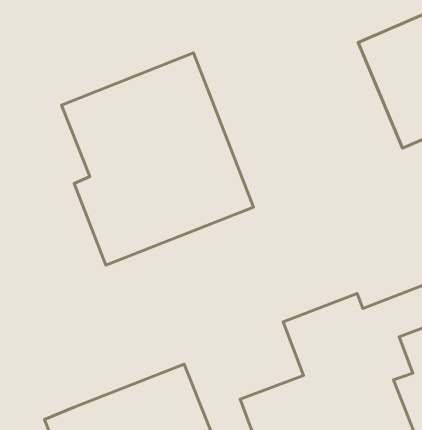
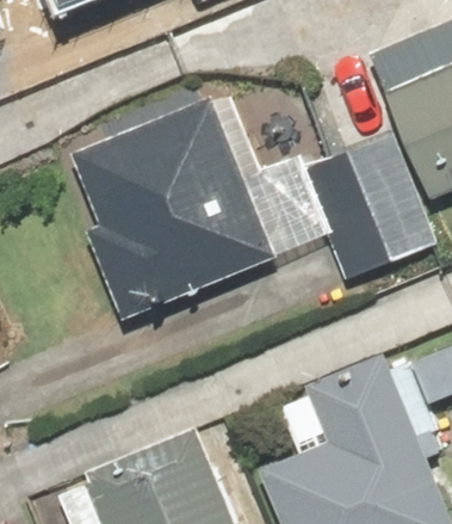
building: none -> [307,141,439,282]

